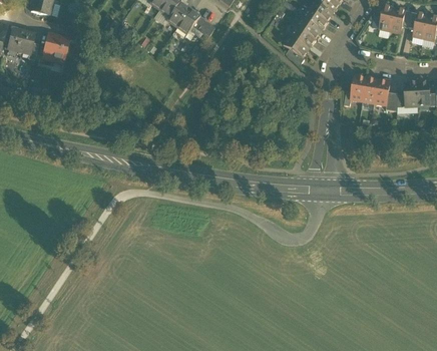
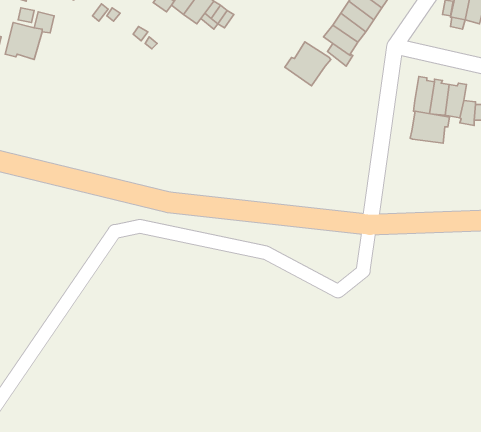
building: none -> [285,42,331,86]
building: none -> [410,111,449,143]

